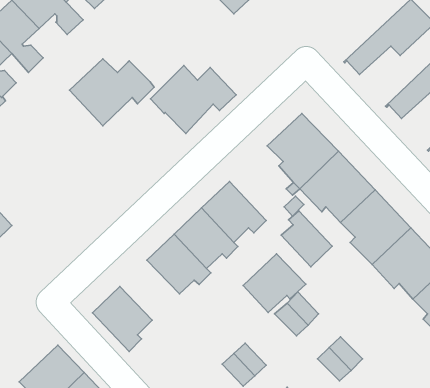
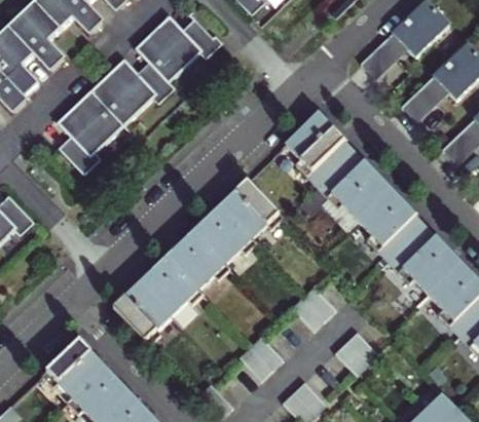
building: [150,65,236,134] -> [135,14,219,81]
building: none -> [56,89,123,175]
building: [281,211,332,267] -> none
building: [243,254,306,313] -> none
building: none -> [140,256,202,314]

